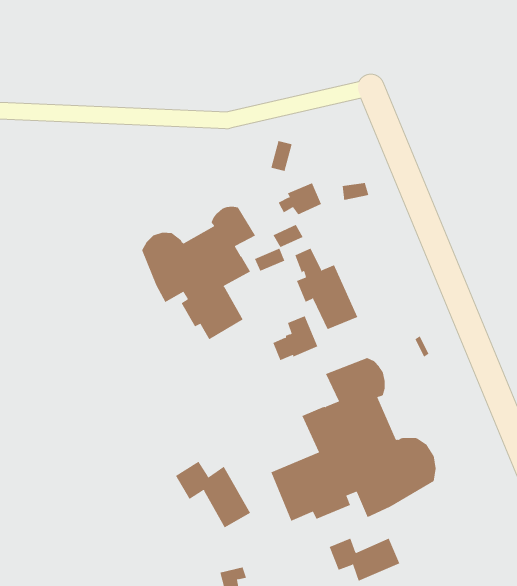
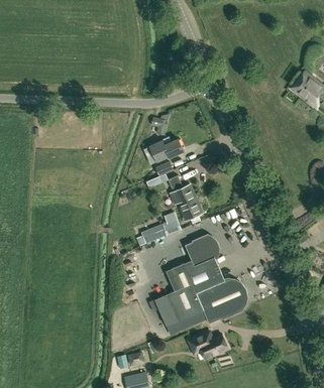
building: [141,206,256,340] -> none
building: [175,461,251,528] -> none

